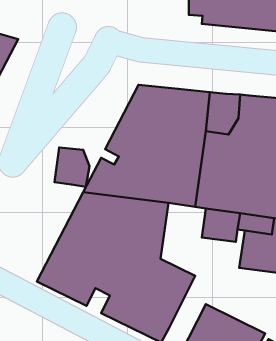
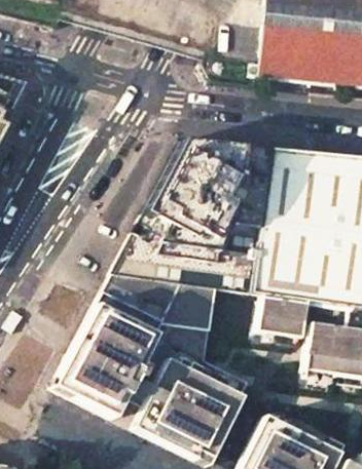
building: [55,148,89,187] -> none

